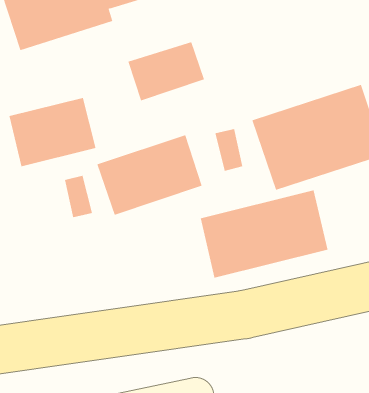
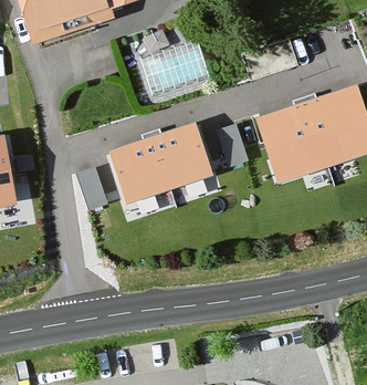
building: [9,97,96,167] -> none
building: [200,189,328,279] -> none

